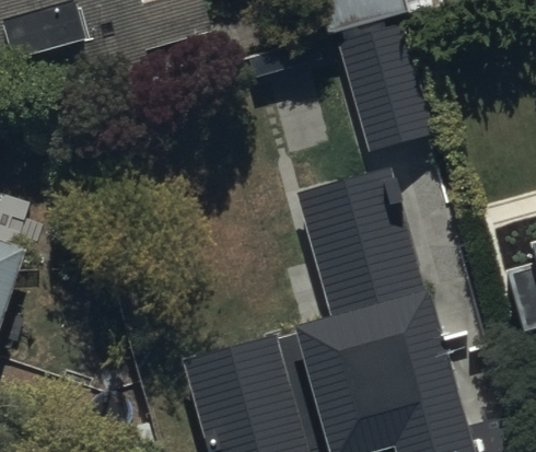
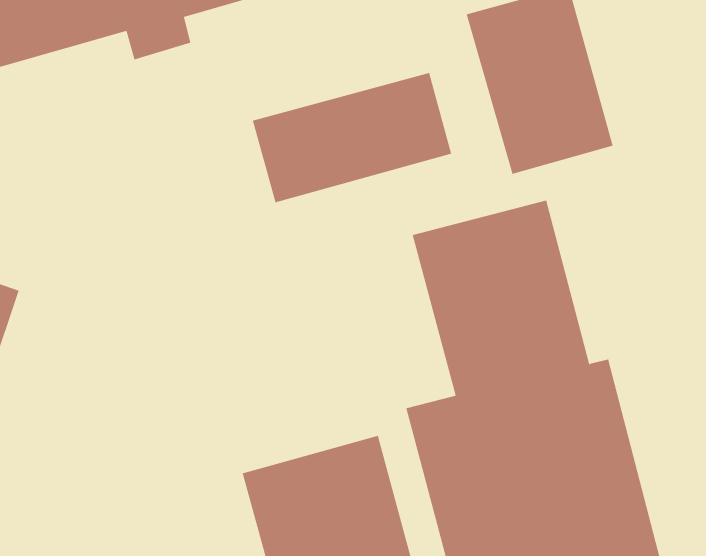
building: none -> [252,72,452,203]

